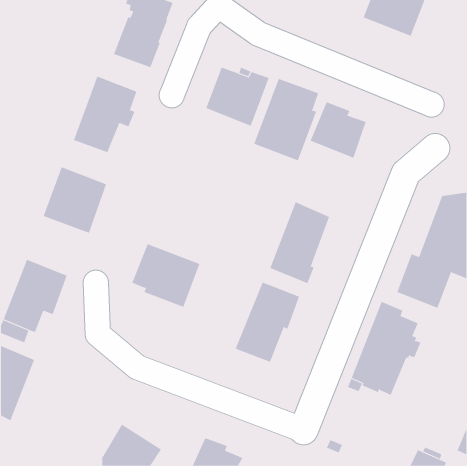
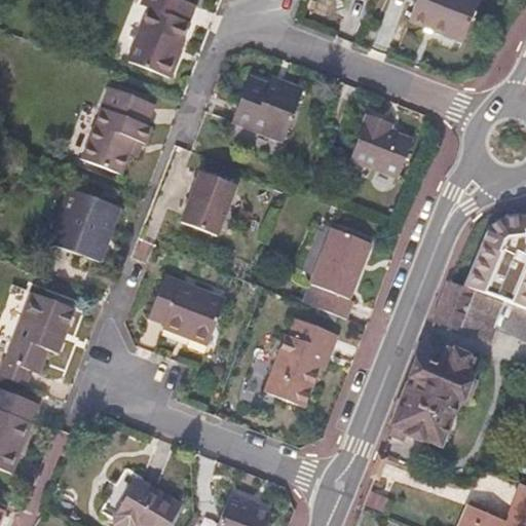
building: [254,78,319,161] -> none
building: none -> [180,170,237,235]

